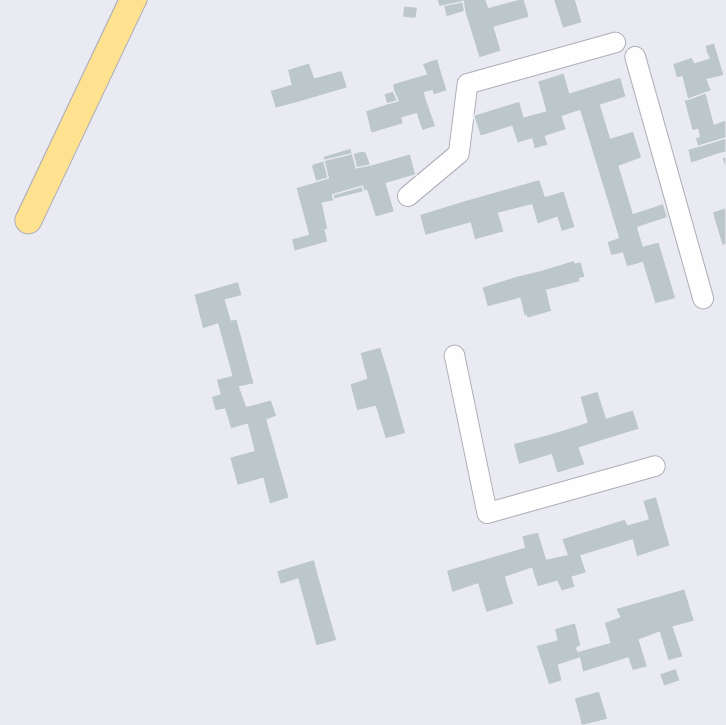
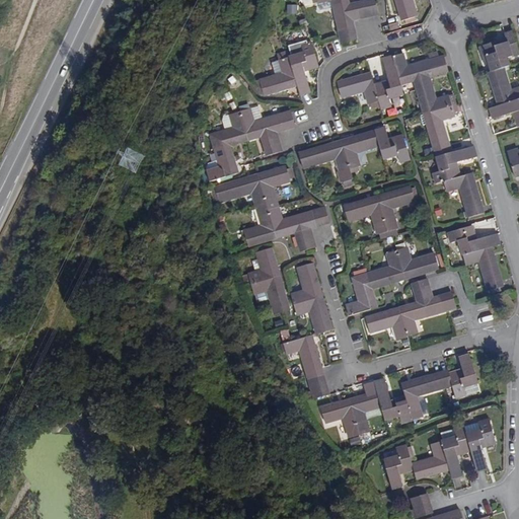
building: [270,63,348,108] -> none
building: none -> [216,165,329,250]
building: [194,281,290,505] -> none
building: none -> [448,224,502,290]
building: none -> [345,246,439,315]
building: none -> [290,262,332,333]
building: [276,559,337,646] -> [284,336,327,397]

